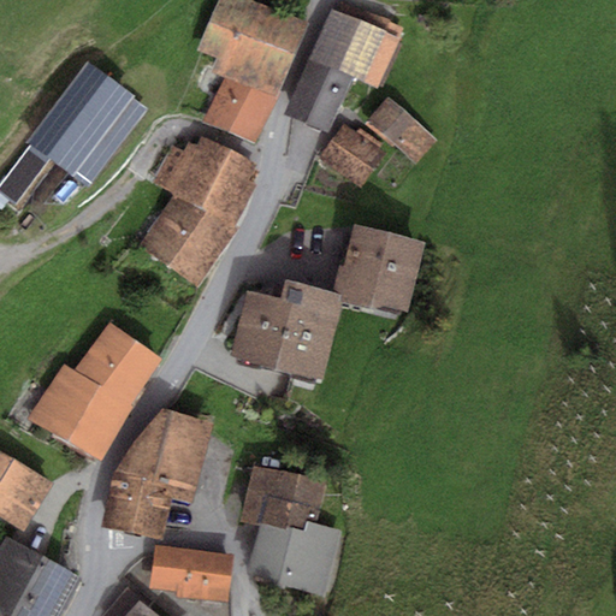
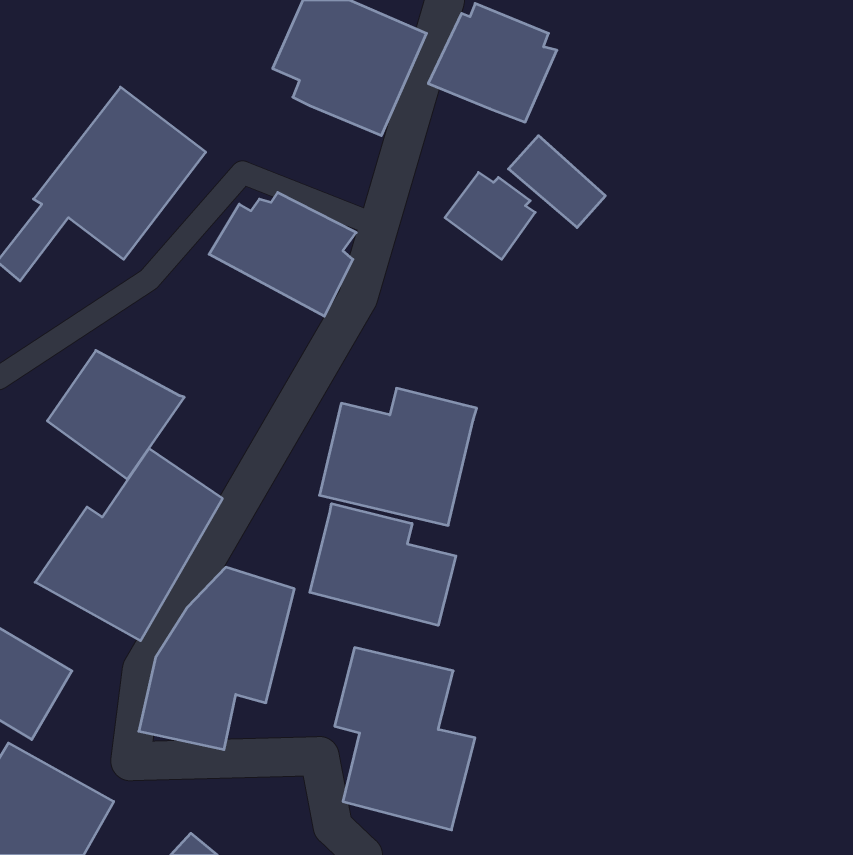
building: [284,60,353,132] -> none
building: [203,76,277,144] -> none
building: [138,195,237,288] -> [47,350,184,479]
building: [333,226,424,312] -> none
building: none -> [310,504,456,625]
building: [148,545,233,603] -> none

